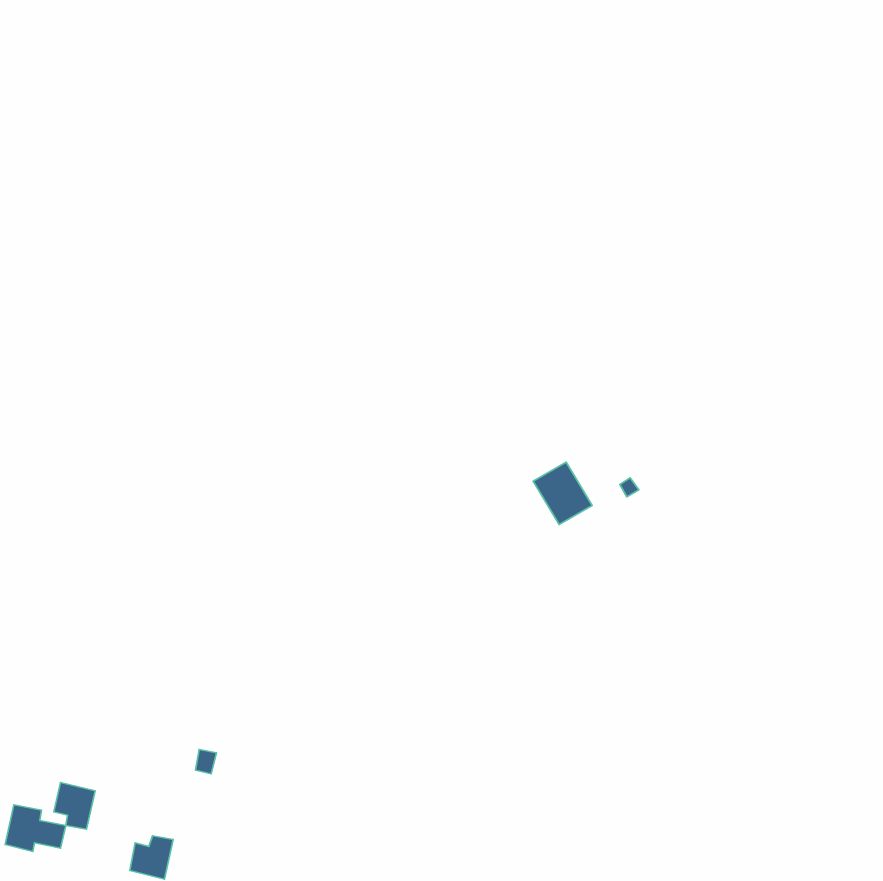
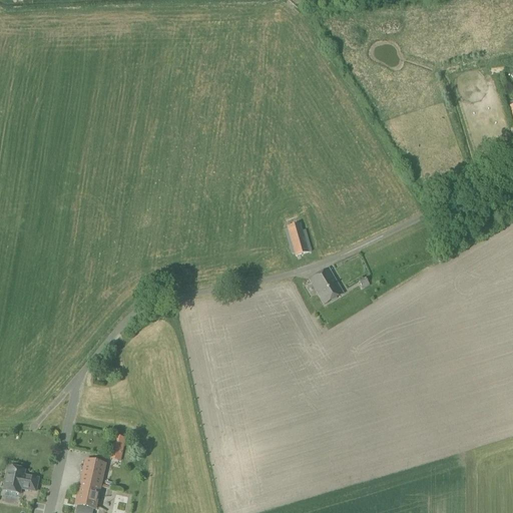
building: none -> [286,222,312,255]
building: [54,782,95,829] -> [82,459,106,486]

